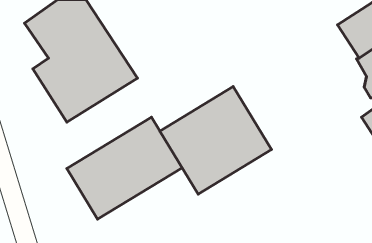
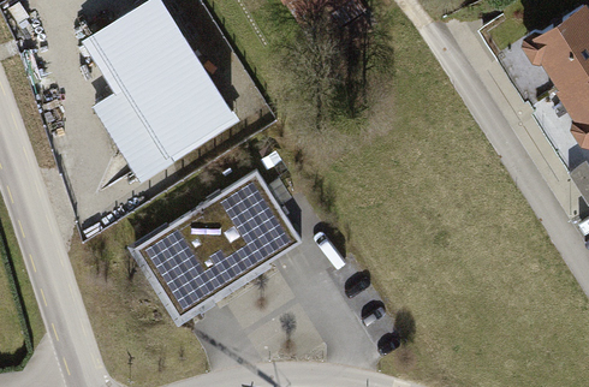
building: [160,86,272,194] -> none

